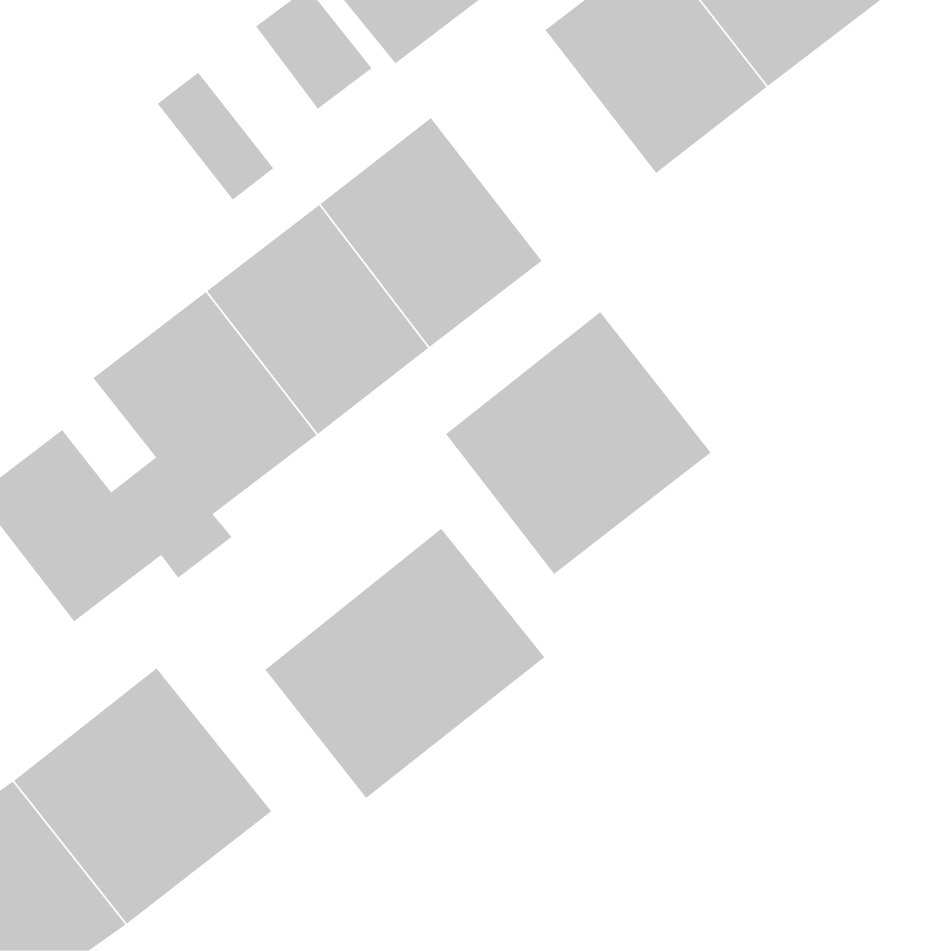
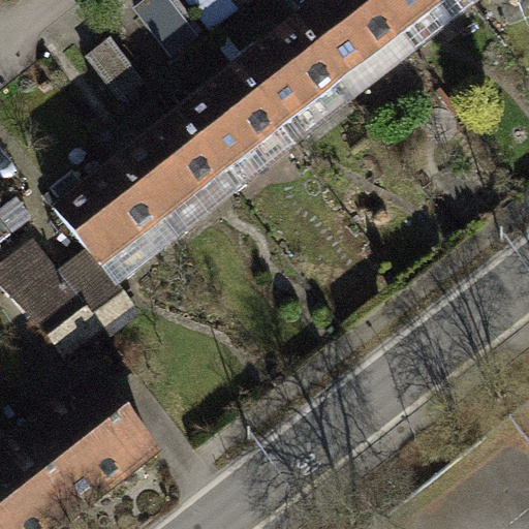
building: none -> [236,17,359,143]
building: [445,311,711,575] -> none
building: [264,528,545,799] -> none

